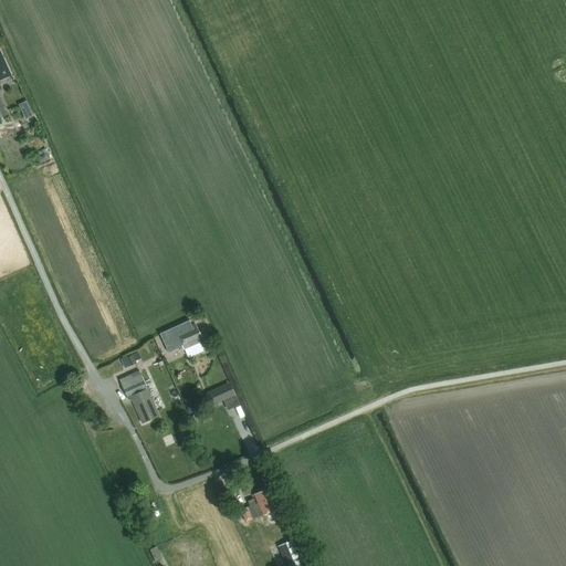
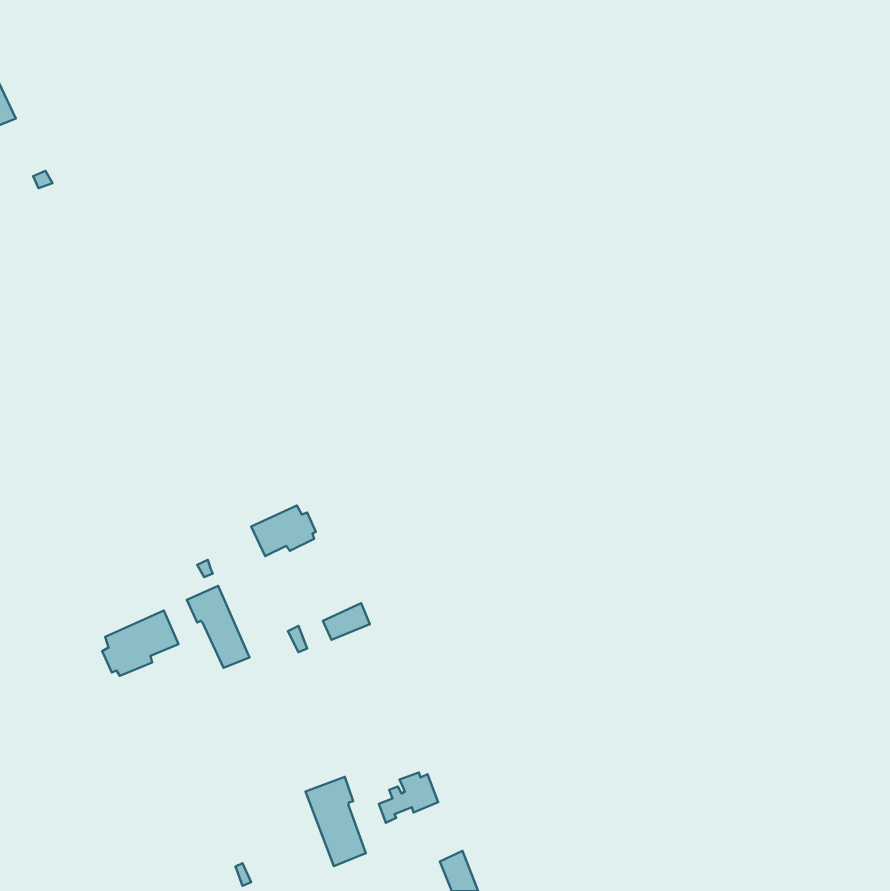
building: none -> [102,611,179,676]
building: none -> [306,777,366,866]

